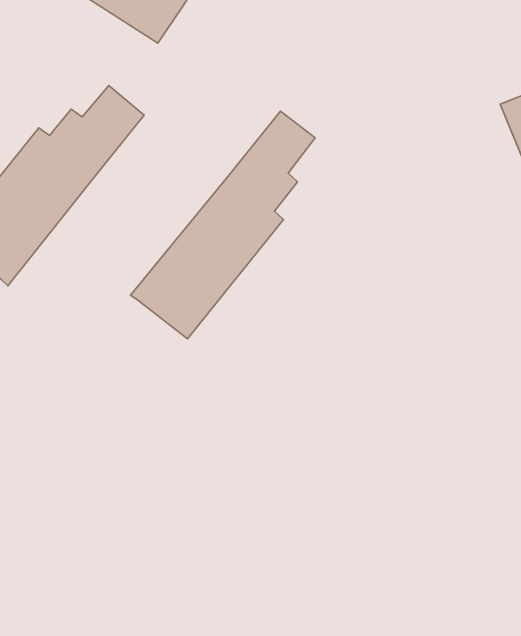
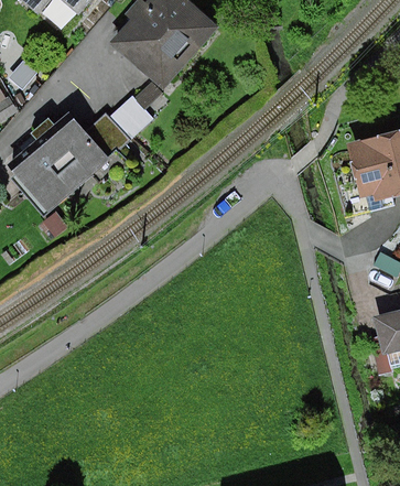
building: [130,111,315,339] -> none

